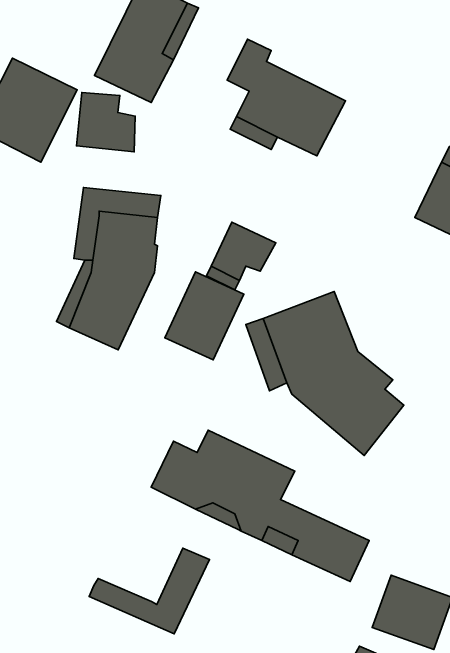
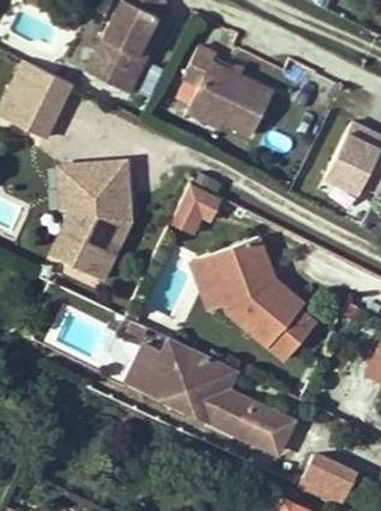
building: [77,93,135,152] -> none
building: [165,272,244,360] -> none
building: [89,548,209,634] -> none

